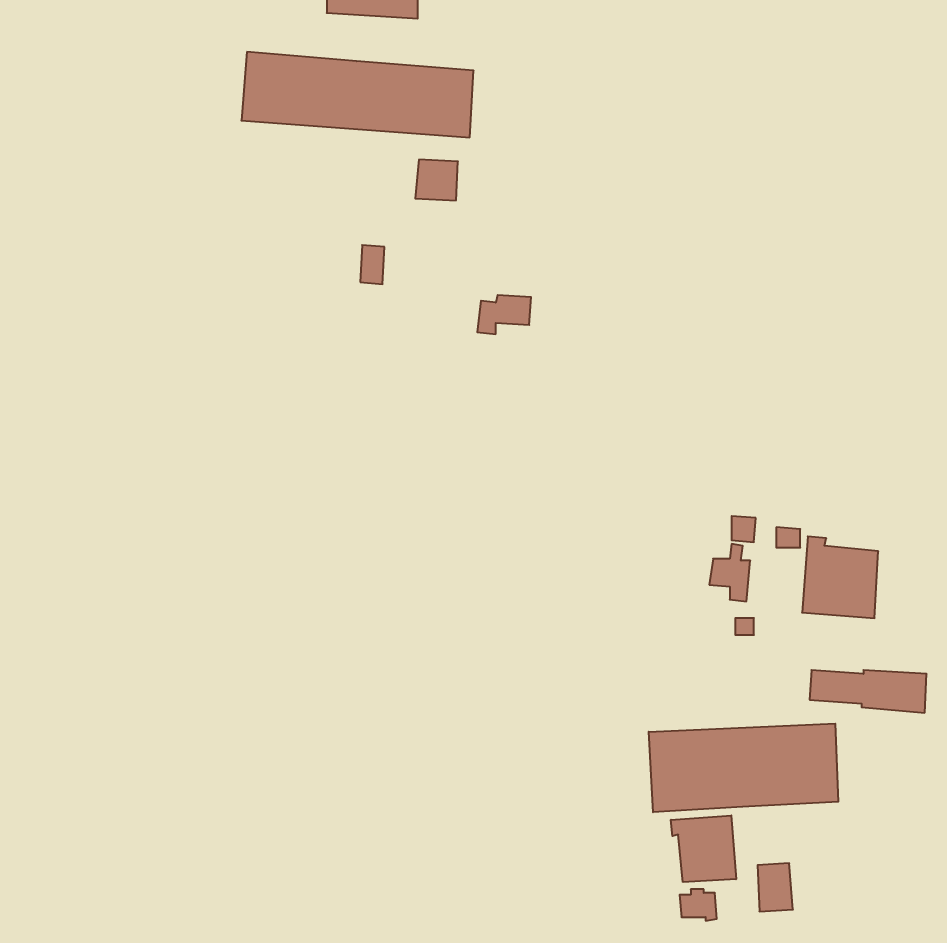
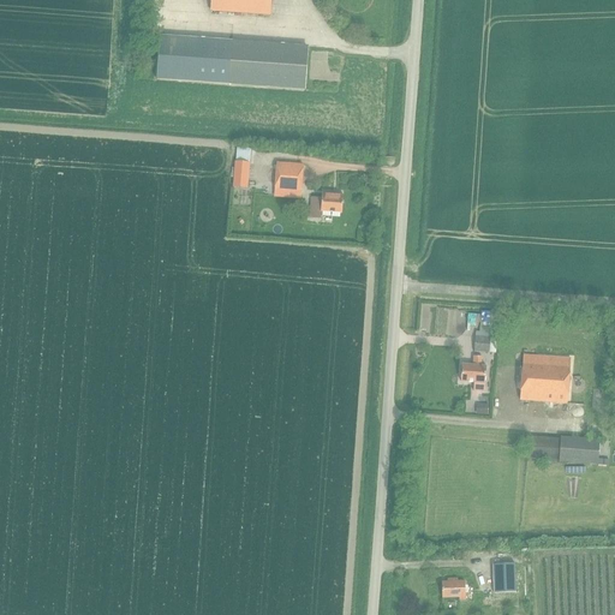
building: [415,160,458,200] -> [275,162,303,189]
building: [649,724,838,812] -> none
building: [671,815,736,882] -> none

